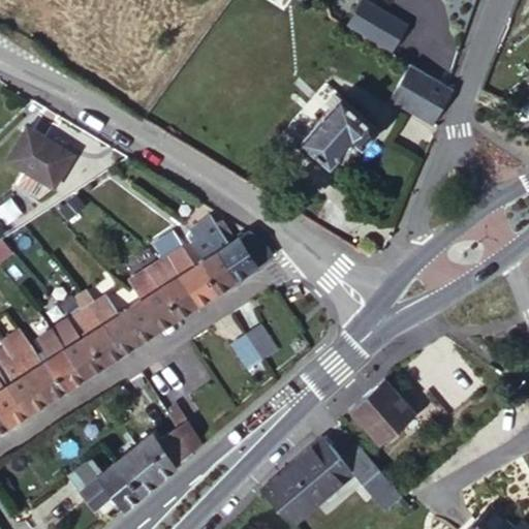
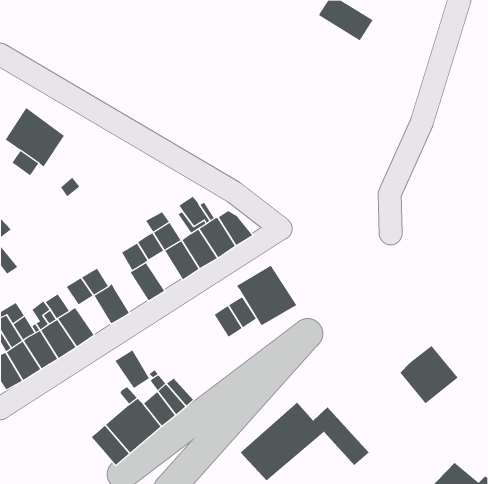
building: [395,69,454,126] -> none
building: [300,96,378,168] -> none
building: [158,276,197,319] -> none
building: none -> [236,265,297,326]
building: [121,300,160,343] -> none
building: [82,324,120,367] -> [115,349,150,389]
building: [349,379,413,443] -> [399,345,459,404]
building: [67,459,113,508] -> none

